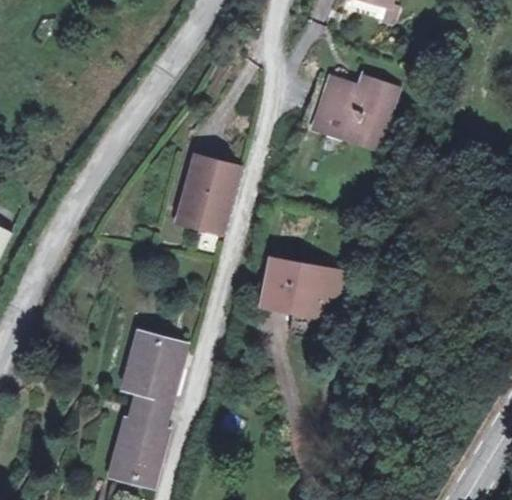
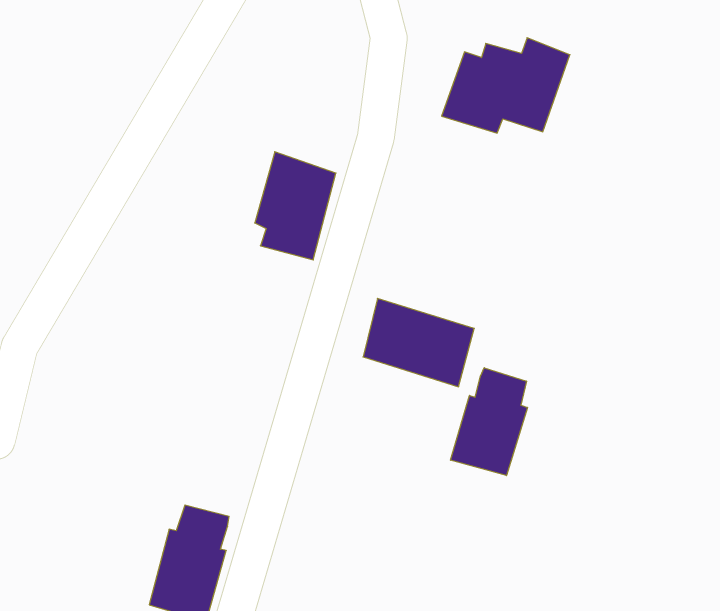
building: none -> [451,368,527,476]
building: [122,334,183,411] -> none

